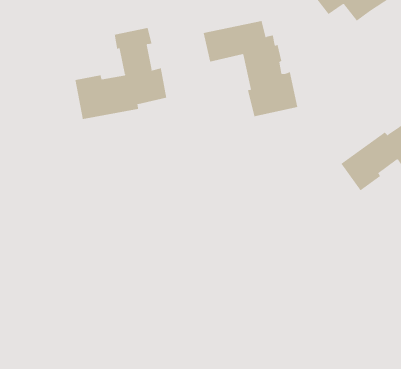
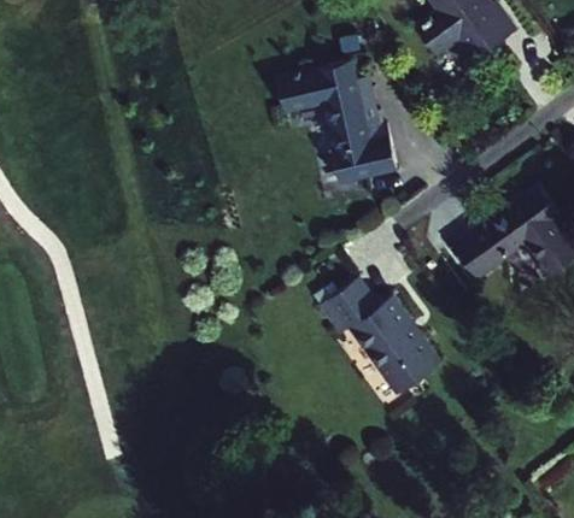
building: [75,27,167,120] -> none
building: none -> [321,276,441,393]

